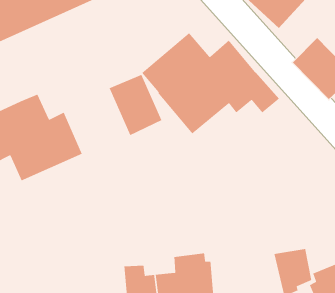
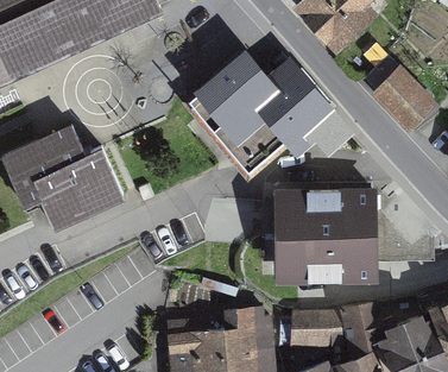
building: [109,74,163,136] -> none
building: none -> [284,191,373,276]
building: none -> [291,311,341,343]

